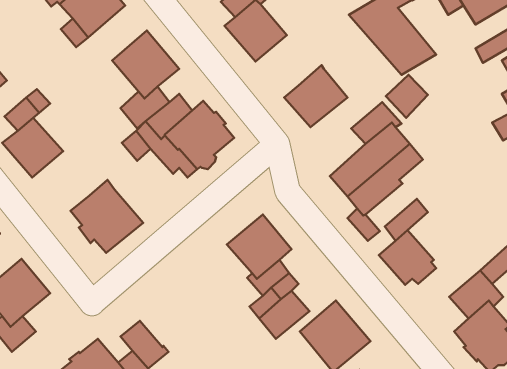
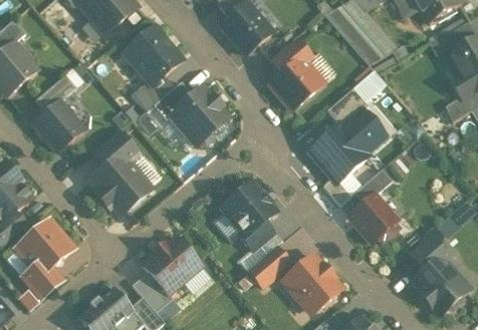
building: none -> [271,36,311,73]
building: none -> [94,129,138,166]
building: none -> [145,236,202,293]

